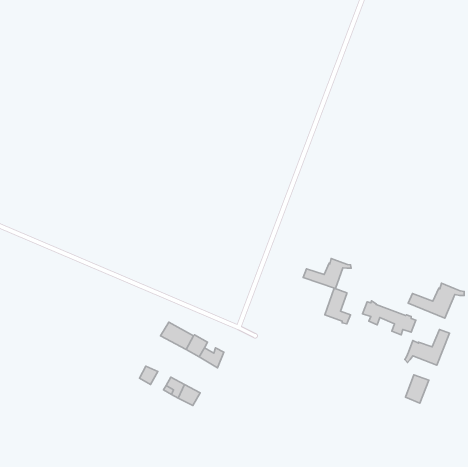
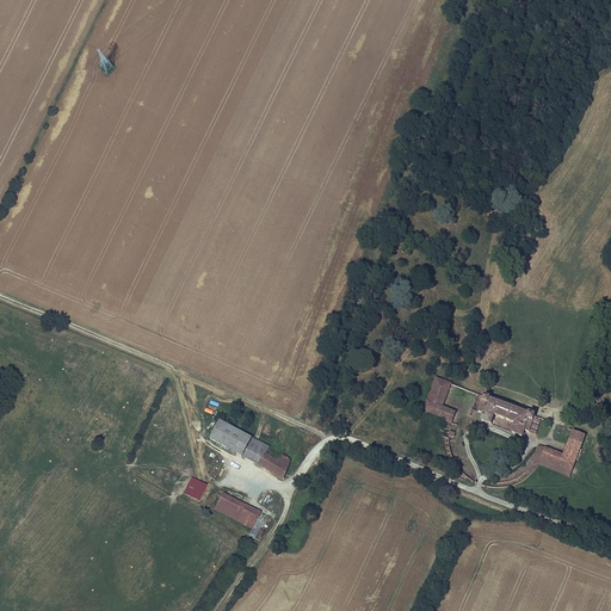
building: [303,259,351,289] -> none
building: [408,283,464,318] -> none
building: [405,375,429,403] -> none

